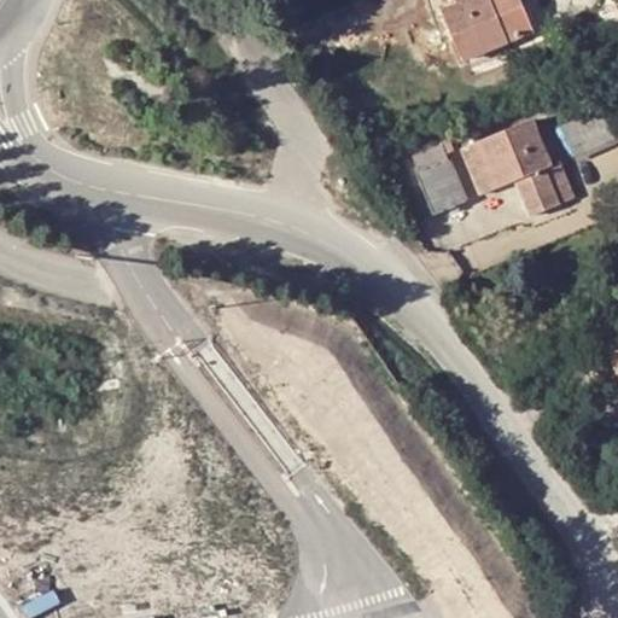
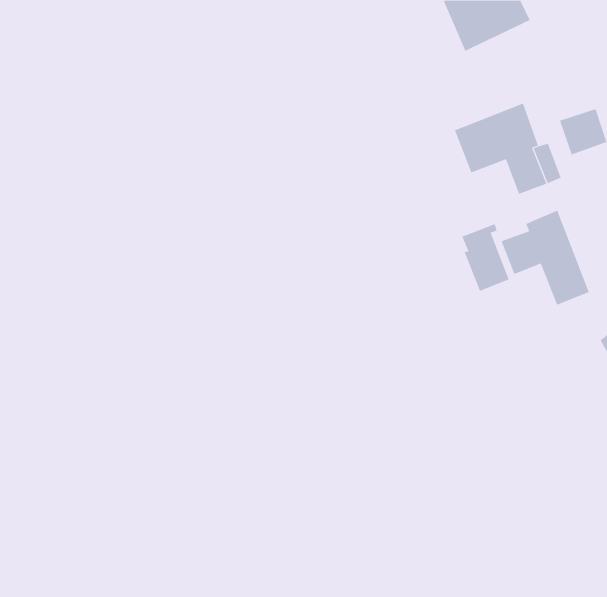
building: [415,141,464,210] -> [462,223,509,292]
building: none -> [501,210,590,305]

